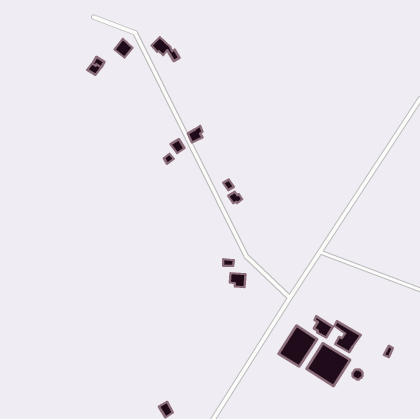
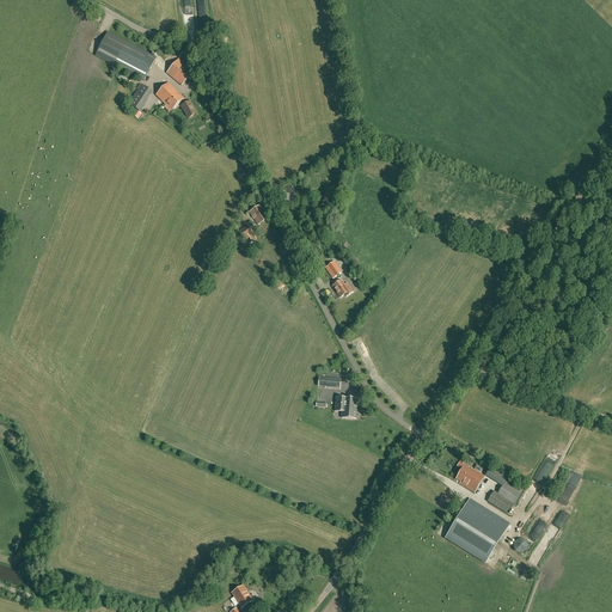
building: none -> [94,30,155,79]
building: [152,37,180,61] -> [155,81,196,116]
building: [279,326,317,367] -> none

